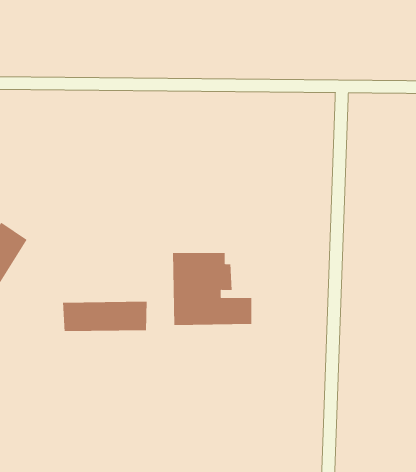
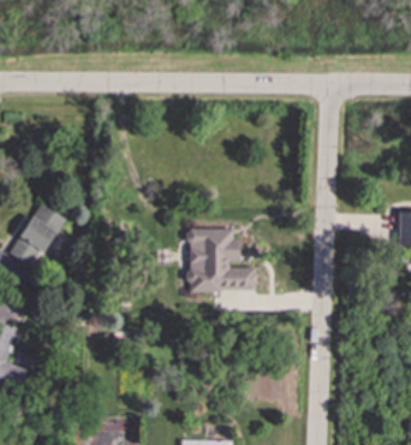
building: [63,301,147,332] -> none

